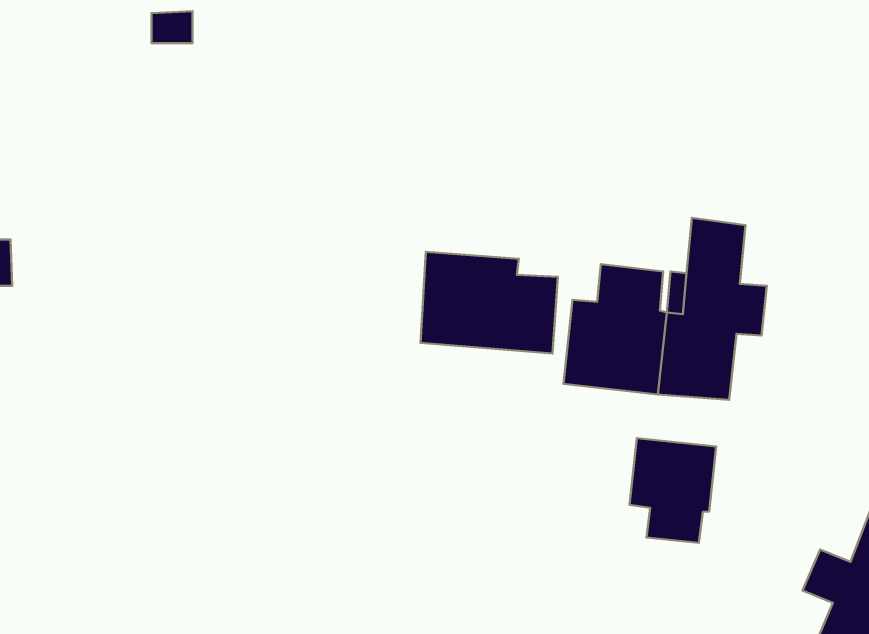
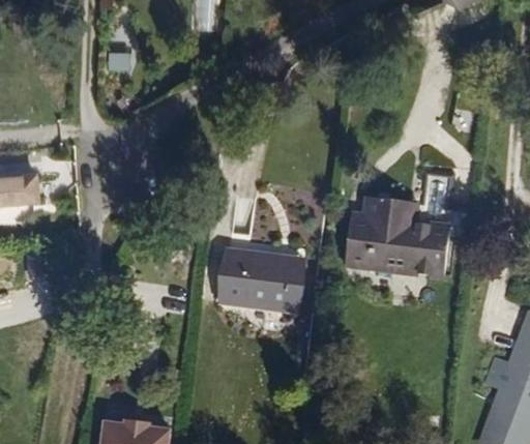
building: [421,252,558,353] -> [215,247,295,306]
building: [629,438,716,543] -> none

